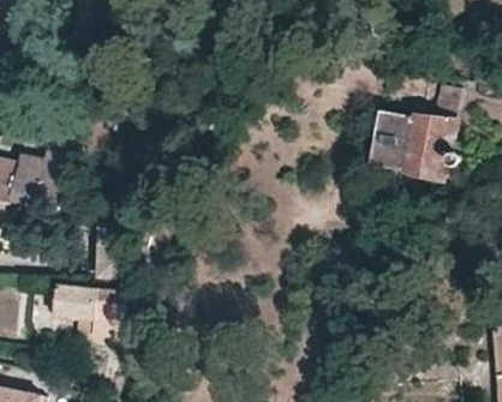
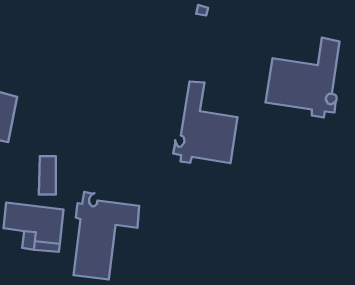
building: none -> [173,81,238,163]
building: none -> [73,192,139,280]

